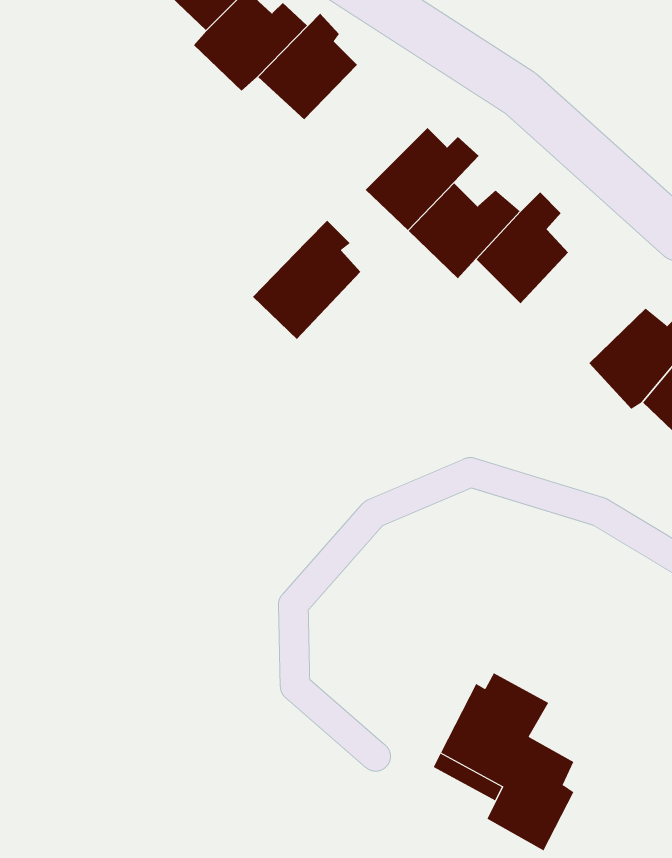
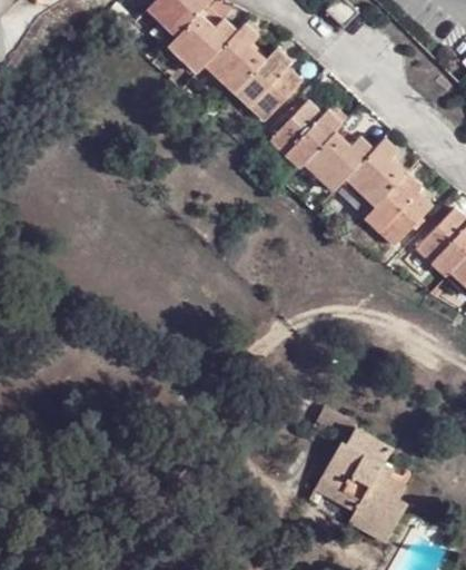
building: [252,220,361,340] -> [236,45,304,119]
building: none -> [360,173,425,242]

